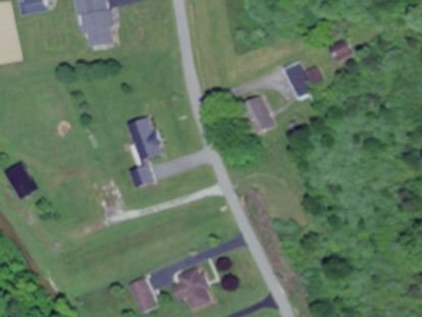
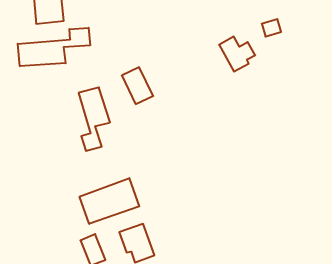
building: none -> [18,28,90,66]
building: [242,95,276,136] -> [122,67,153,104]
building: none -> [80,178,139,224]

